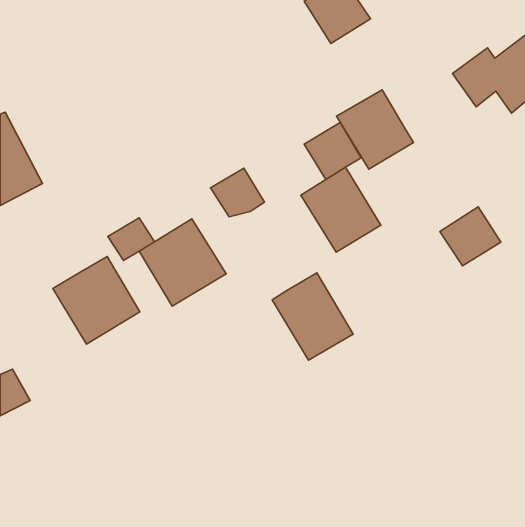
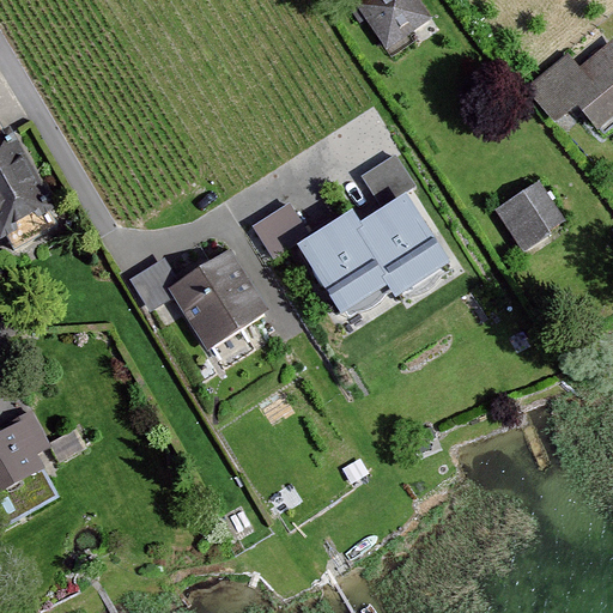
building: [337,90,414,169] -> none
building: [440,207,501,266] -> [496,182,566,250]
building: [53,256,140,344] -> none
building: [272,273,353,360] -> [295,213,388,314]

